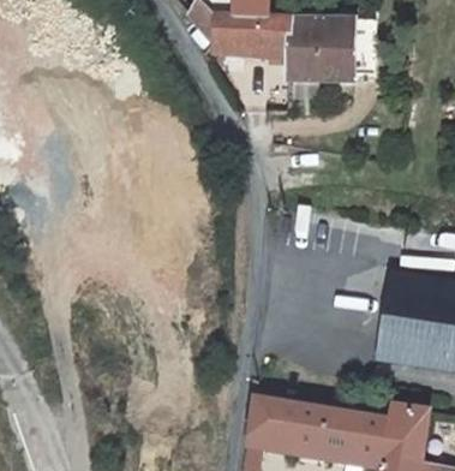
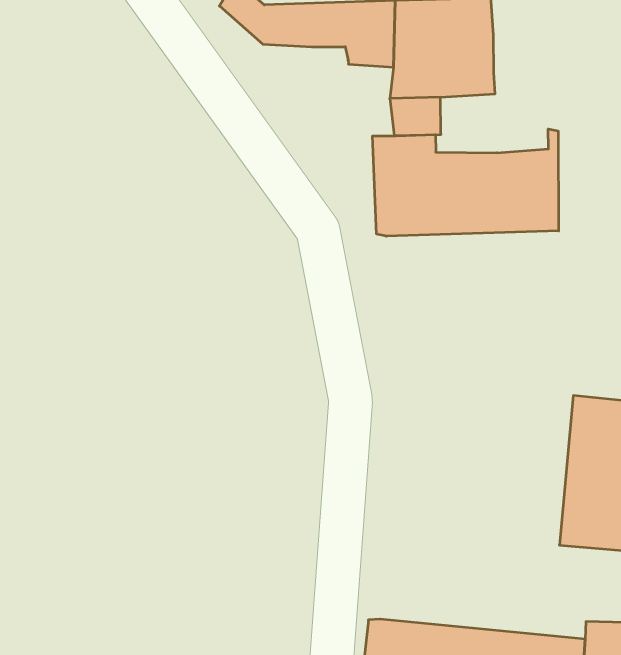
building: none -> [373,129,559,236]

